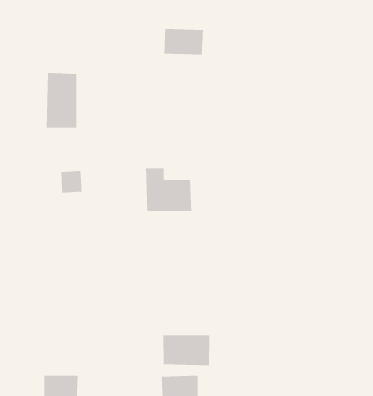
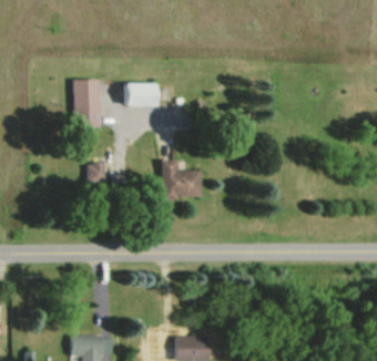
building: [163,28,204,56] -> [124,82,159,105]
building: [162,334,210,366] -> none

